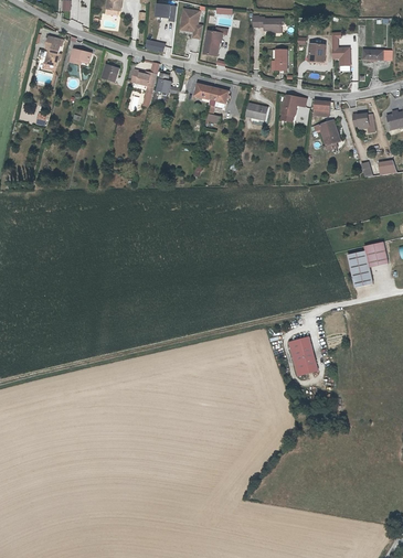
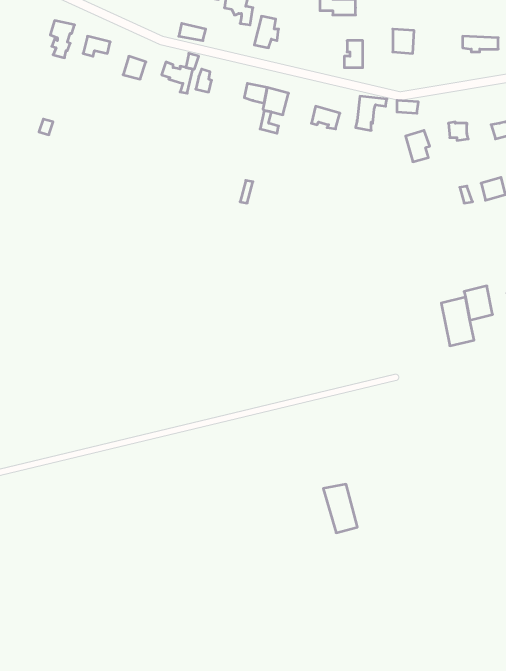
building: [331,31,350,71] -> none
building: [291,337,318,375] -> [323,484,357,533]

